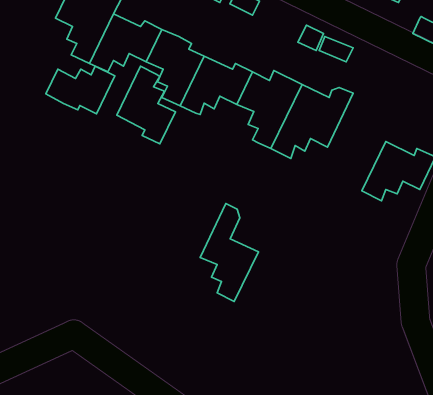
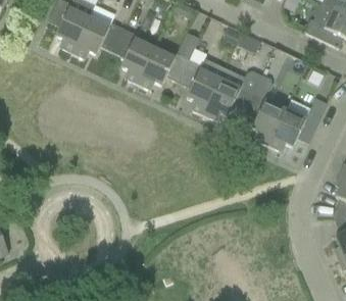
building: [46,66,115,114] -> none
building: [117,66,175,144] -> none
building: [200,204,258,301] -> [243,73,285,144]

